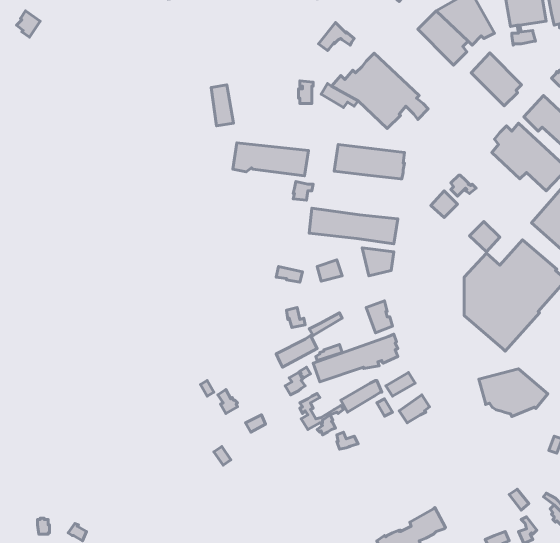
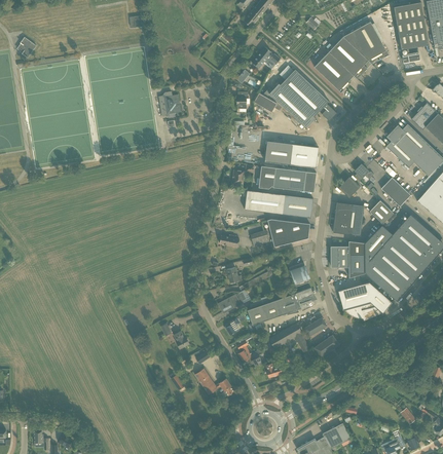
building: [471,53,521,106] -> [315,51,354,92]
building: [233,143,308,176] -> [258,166,317,192]
building: none -> [381,178,410,206]
building: none -> [333,202,364,236]
building: none -> [267,219,291,247]
building: none -> [331,241,365,278]
building: [479,369,548,416] -> [338,282,392,319]
building: none -> [195,369,233,398]

